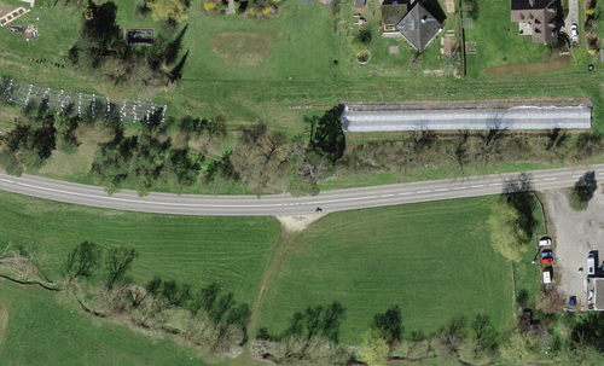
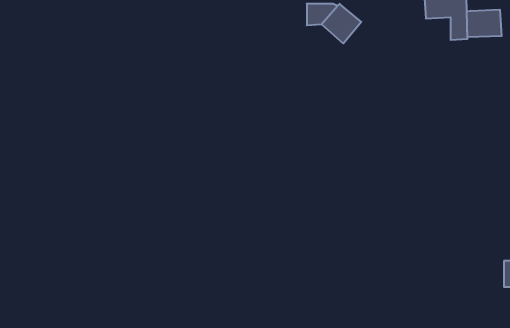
building: none -> [467,10,502,37]

